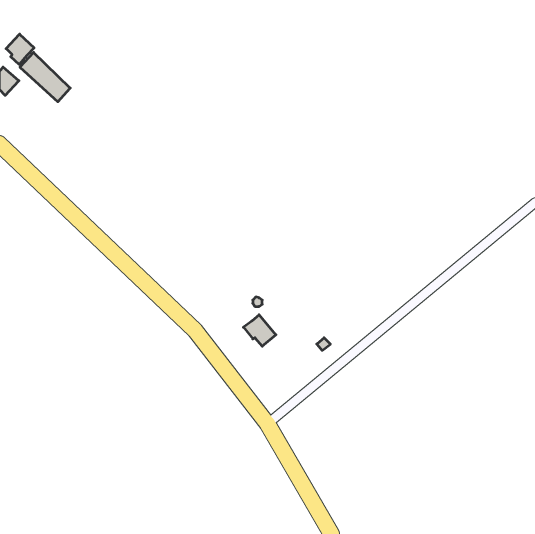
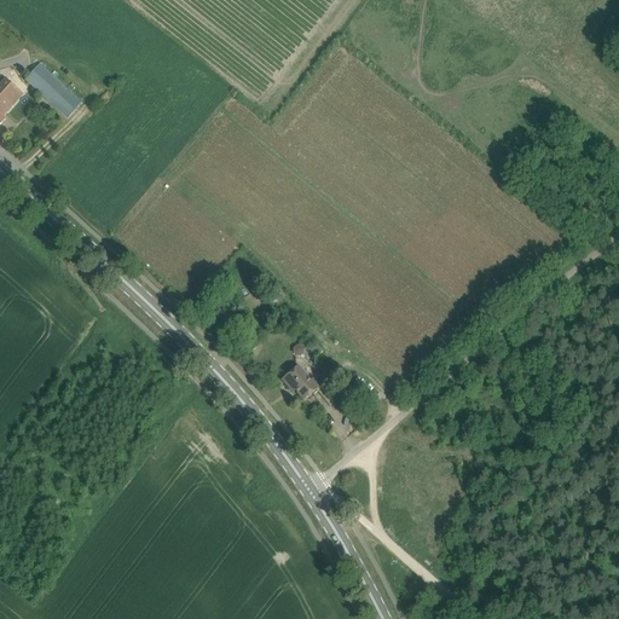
building: [6,34,34,64] -> none

